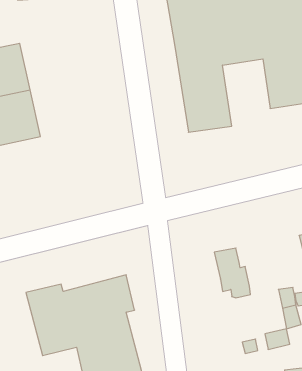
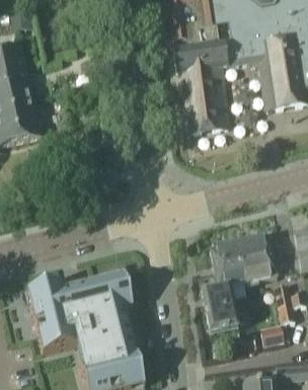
building: none -> [233,236,280,282]
building: none -> [200,275,239,329]

